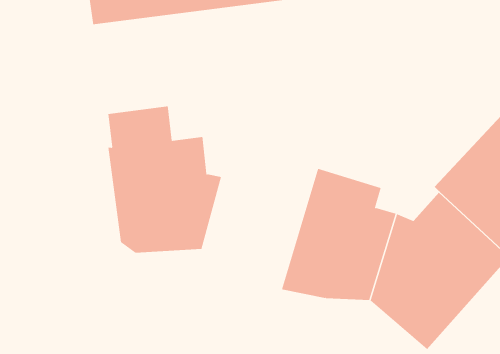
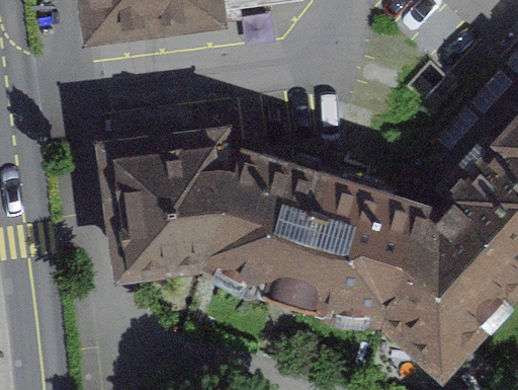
building: none -> [208,160,327,305]

